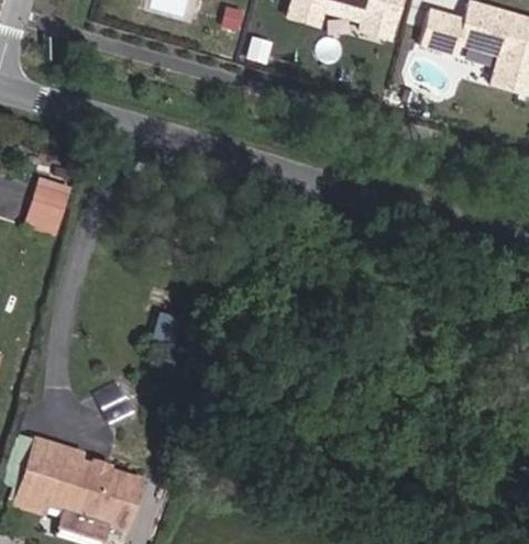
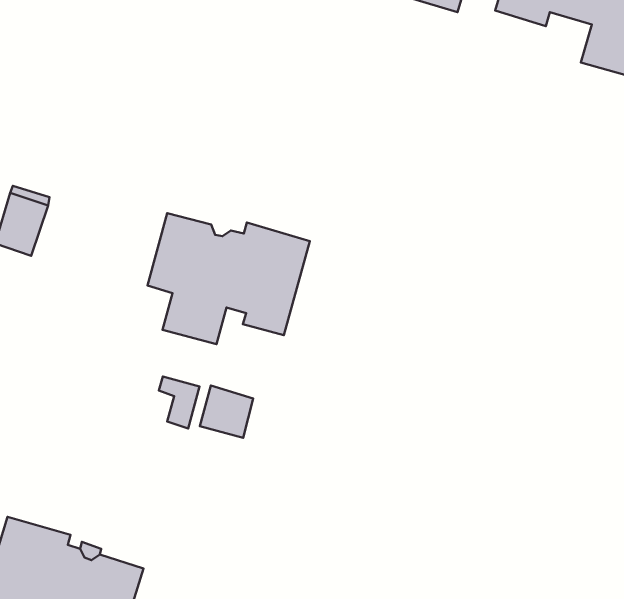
building: none -> [148,213,310,344]
building: none -> [200,385,253,438]

